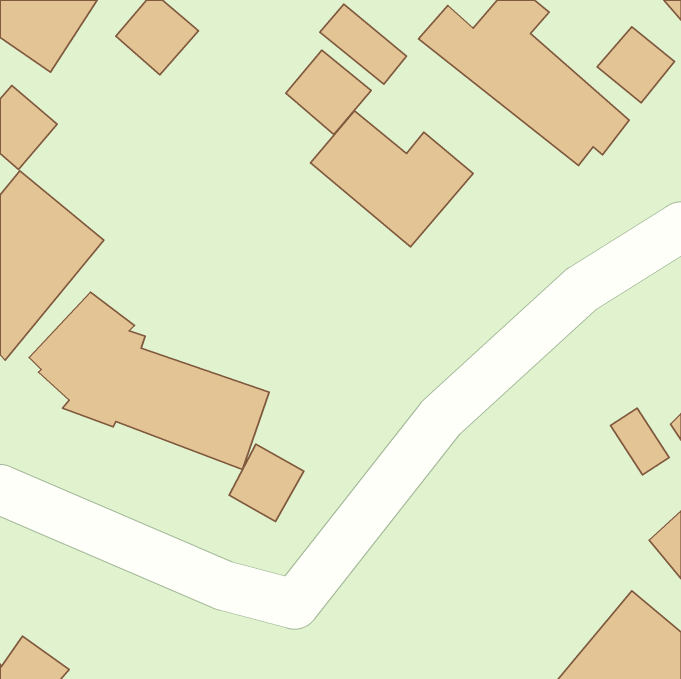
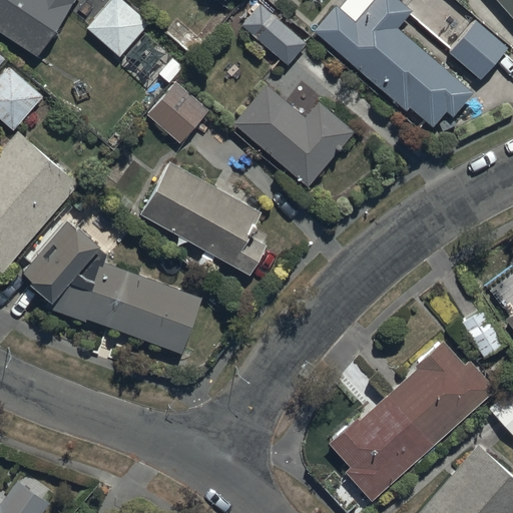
building: [286,50,371,134] -> [146,82,210,145]
building: none -> [139,163,267,275]
building: [229,444,304,521] -> none
building: none -> [328,340,493,501]

